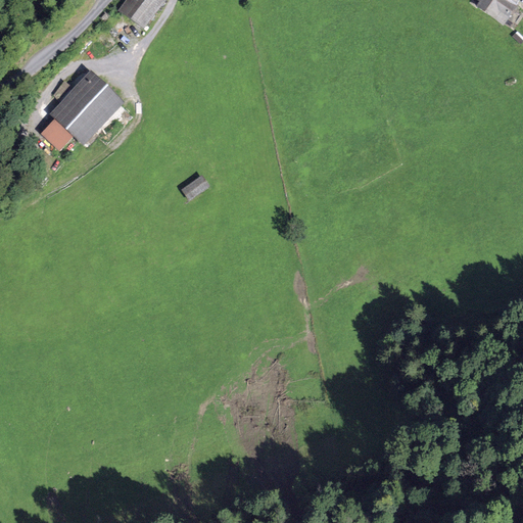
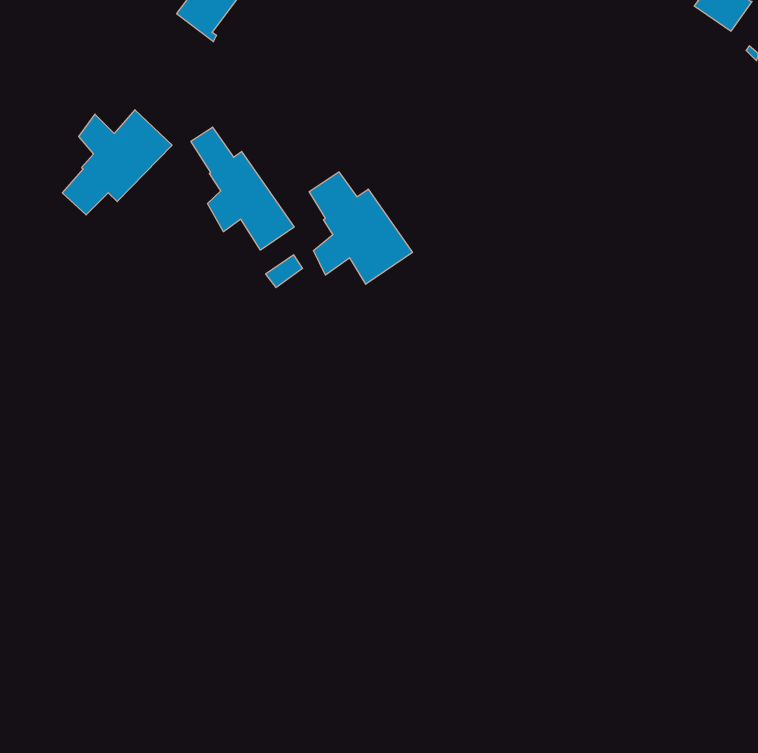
building: none -> [191,127,294,250]
building: none -> [309,172,412,284]

